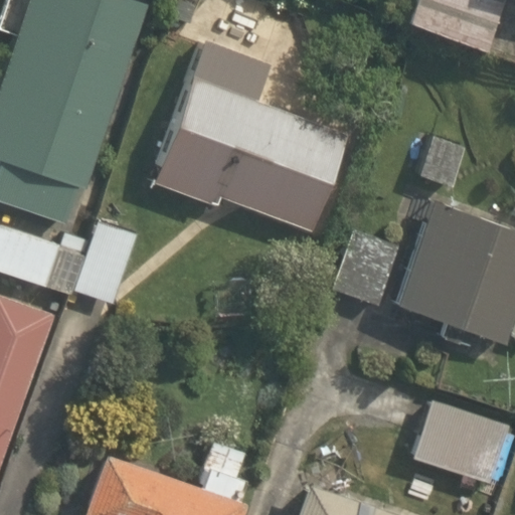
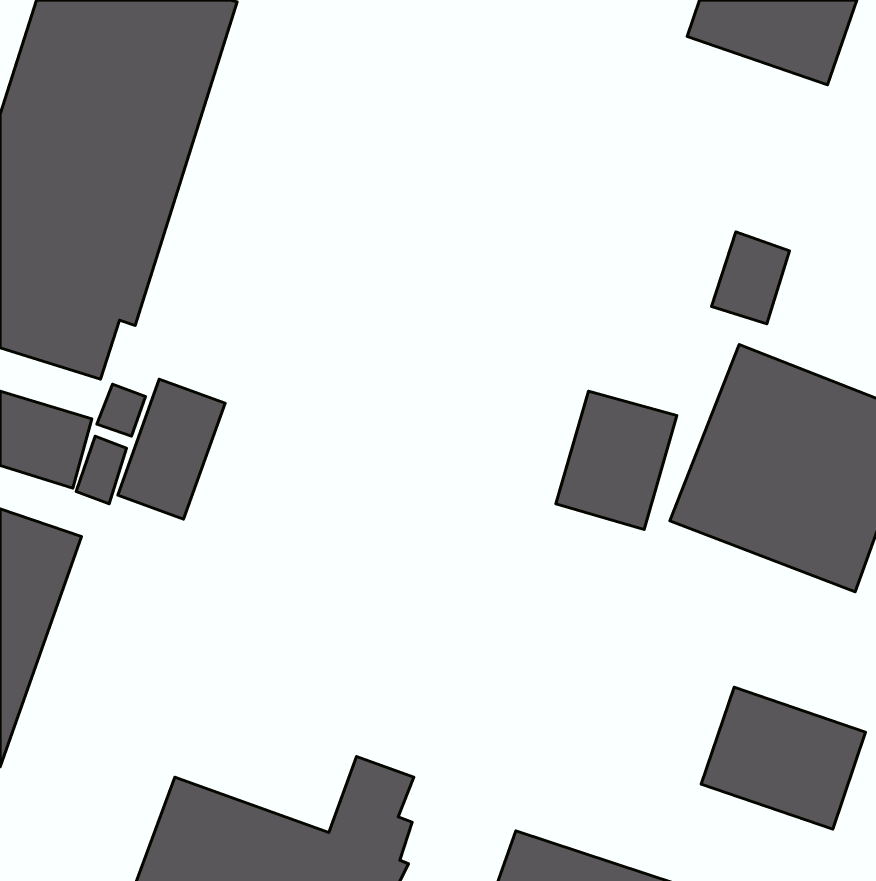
building: [154,39,346,231] -> none

